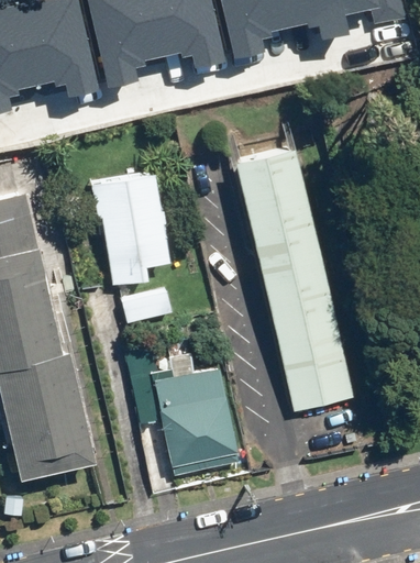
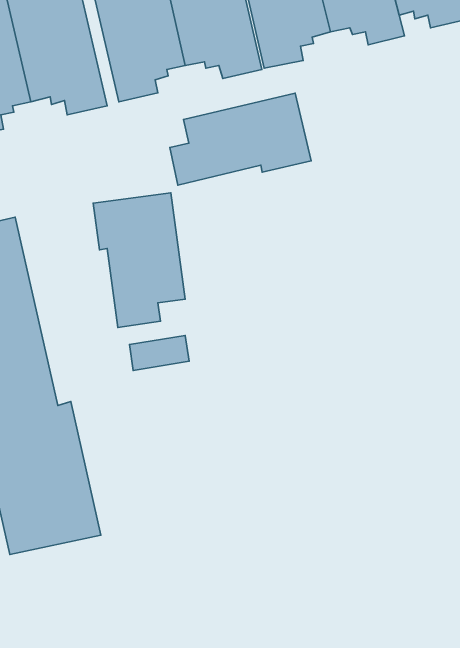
building: none -> [170,93,311,185]
building: [233,141,354,408] -> none
building: [122,335,239,470] -> none

